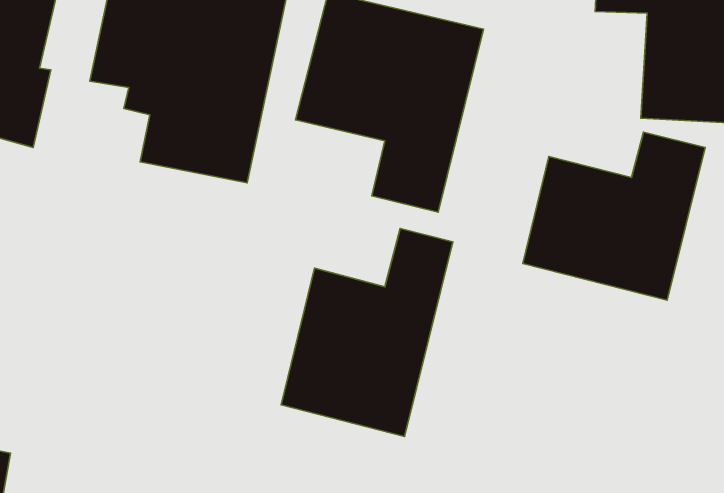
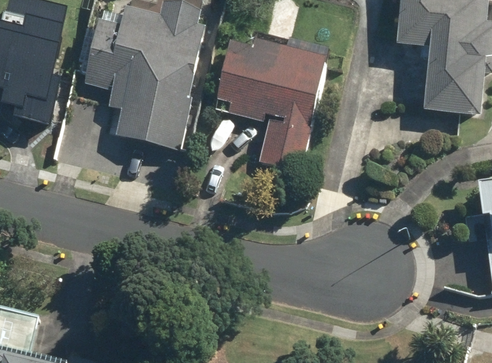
building: [523,132,705,300] -> none
building: [281,228,453,437] -> none

